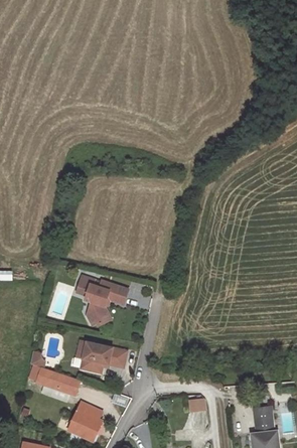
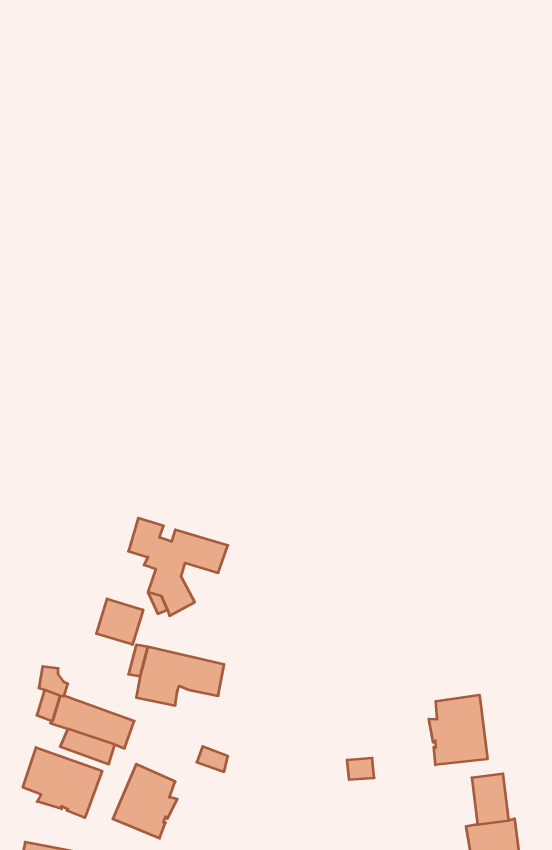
building: none -> [96,599,143,645]
building: none -> [429,695,487,765]
building: none -> [23,747,102,818]

